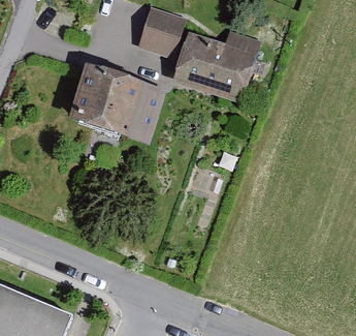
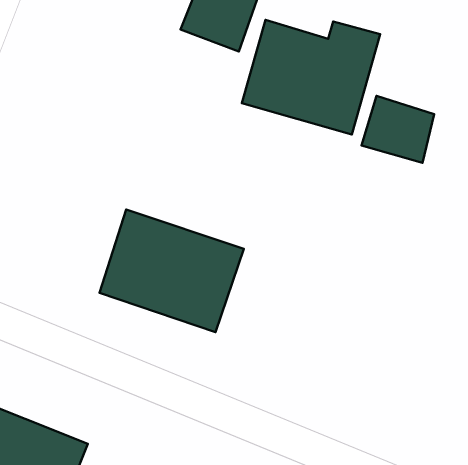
building: [74,66,169,147] -> [99,210,244,332]
building: none -> [362,96,434,163]

